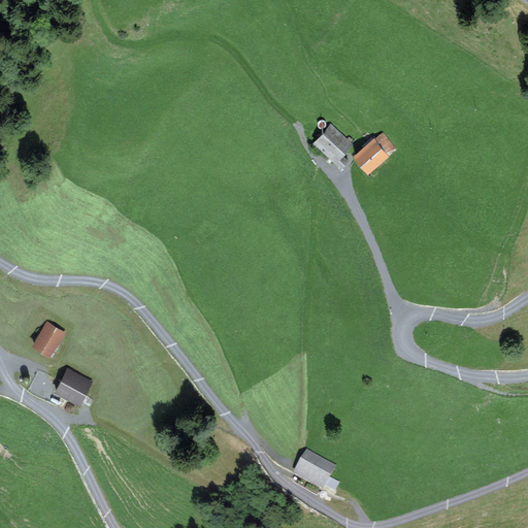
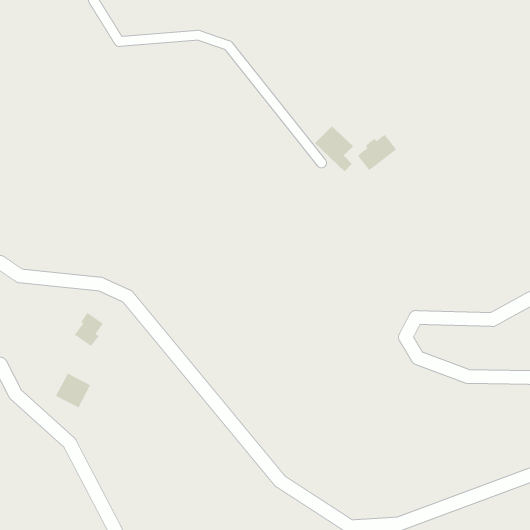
building: [34,321,64,356] -> [74,312,104,347]
building: [293,448,336,488] -> none

